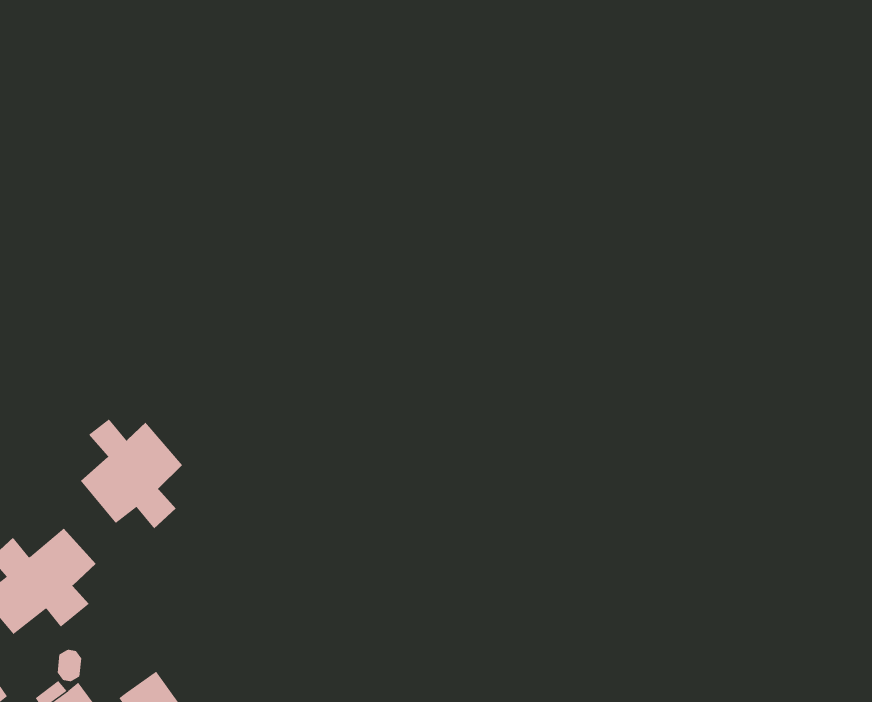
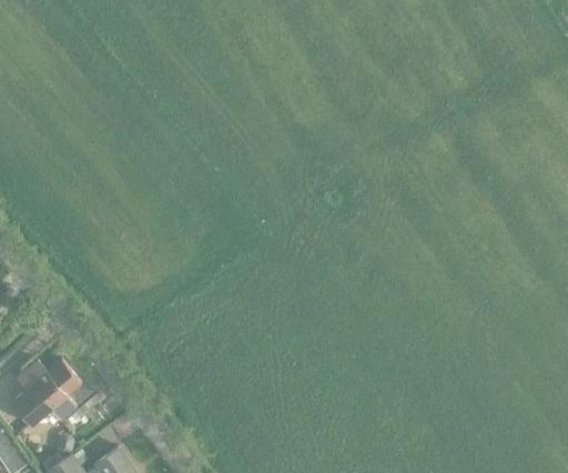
building: [80,418,183,529] -> none

